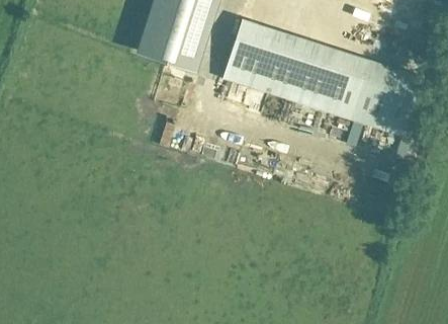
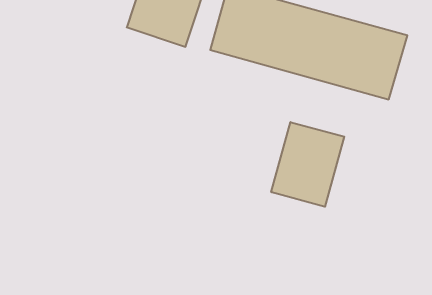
building: none -> [271,122,344,207]

